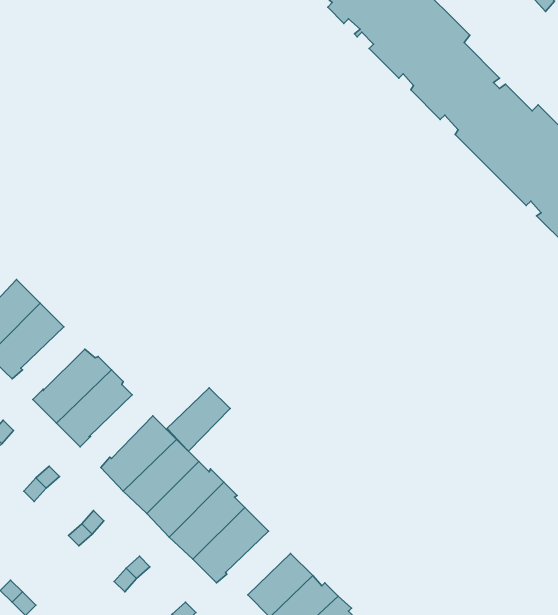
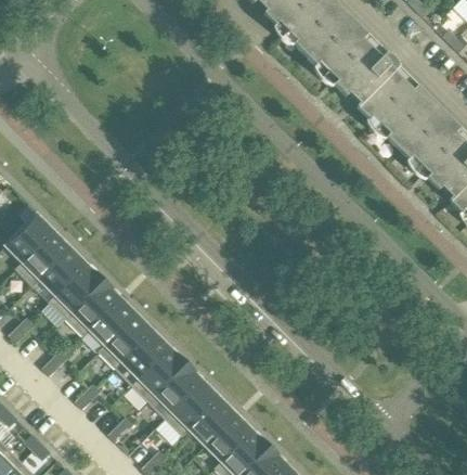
building: none -> [40,247,87,294]
building: [166,388,230,451] -> [90,297,137,344]
building: none -> [190,397,237,444]

